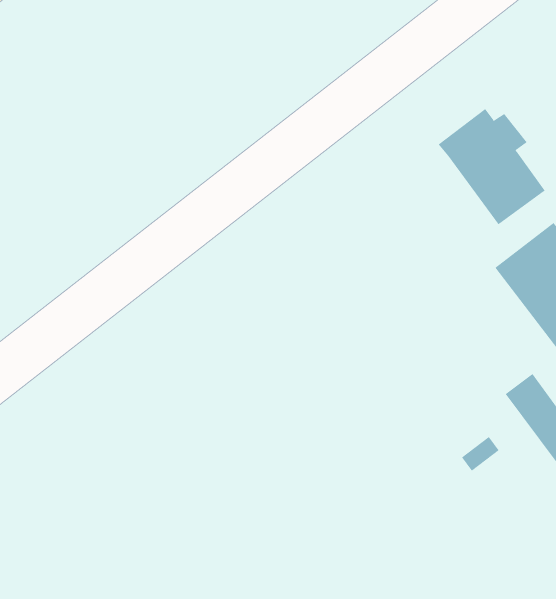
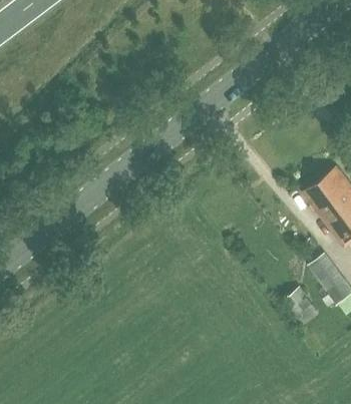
building: [438,108,545,225] -> none

